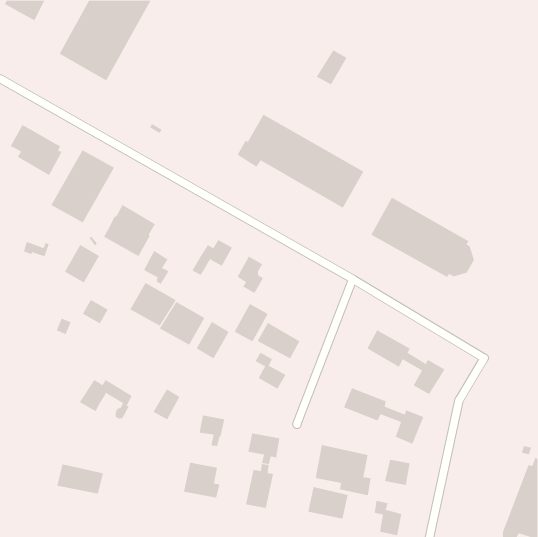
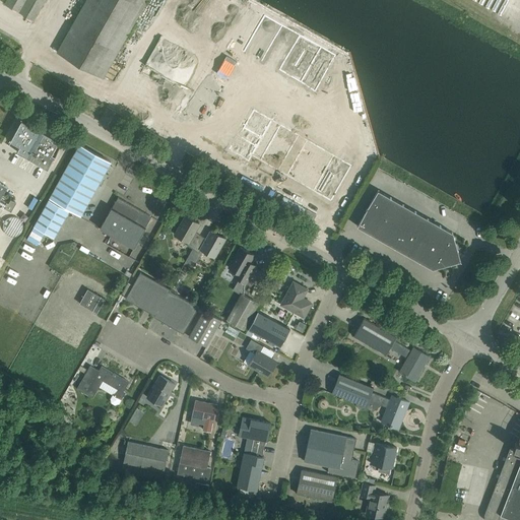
building: [64,244,100,283] -> [34,200,68,238]
building: [143,250,169,285] -> [175,216,200,250]
building: none -> [281,282,311,318]
building: [57,464,104,494] -> [123,442,169,471]

